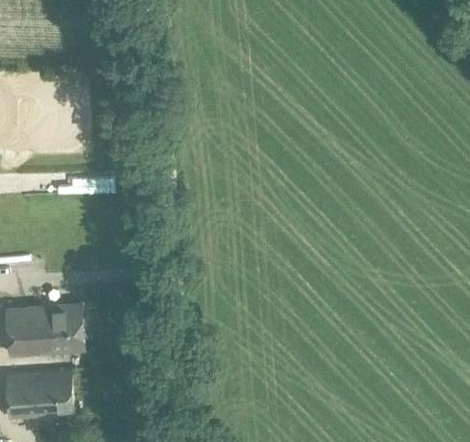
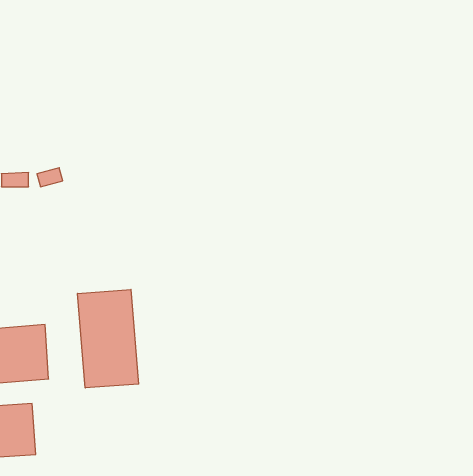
building: none -> [78,289,139,388]

